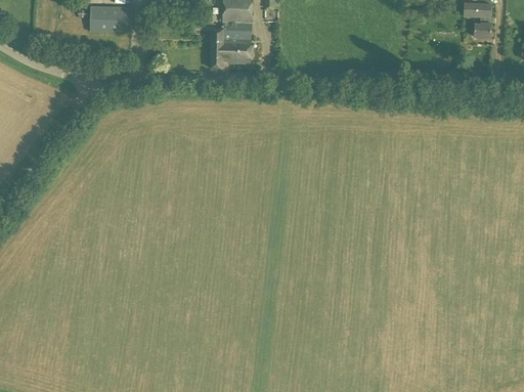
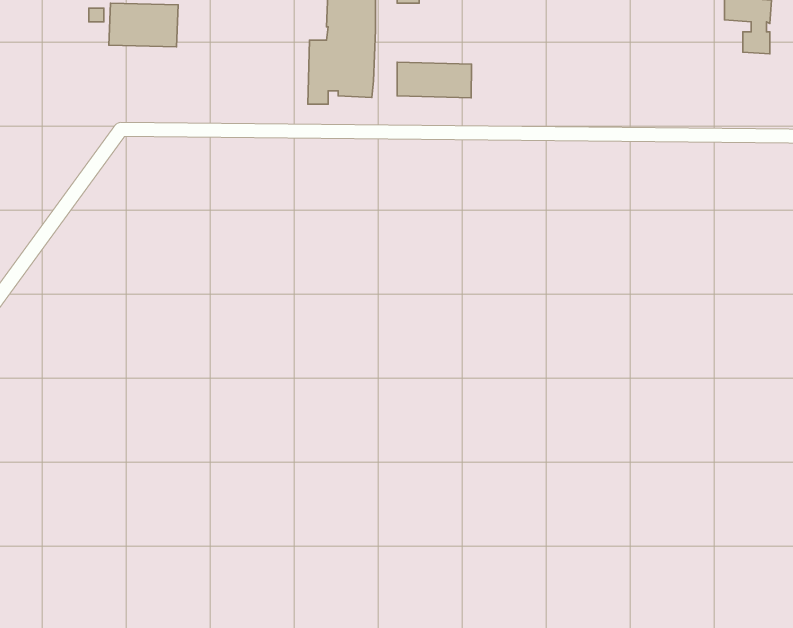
building: none -> [397,62,471,98]

